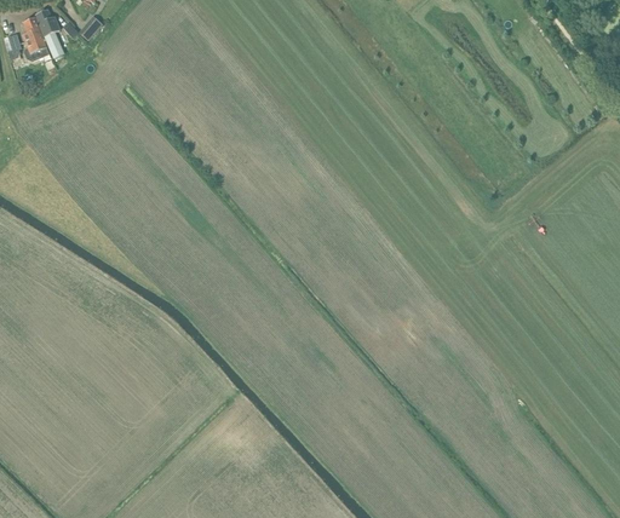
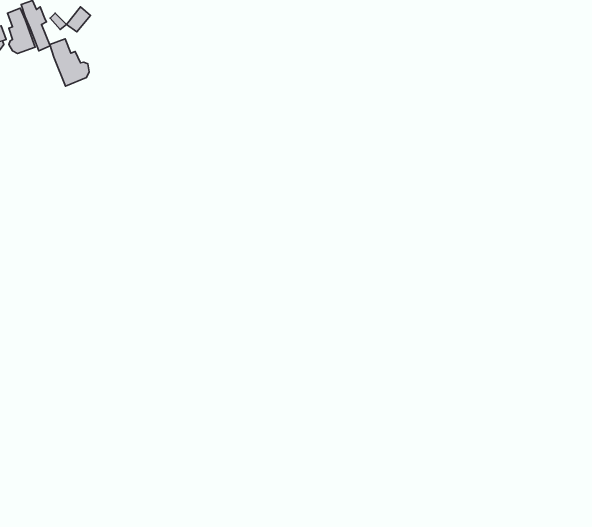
building: none -> [50,39,89,86]

